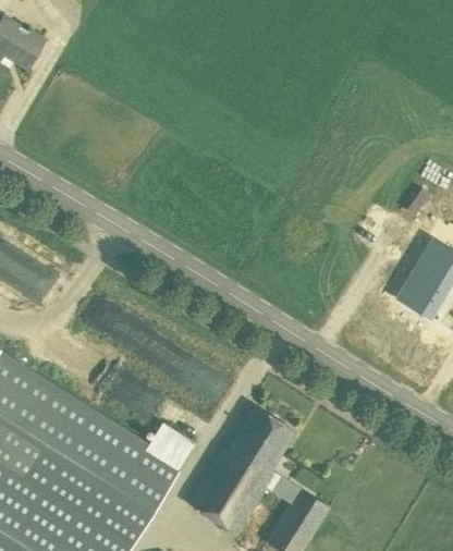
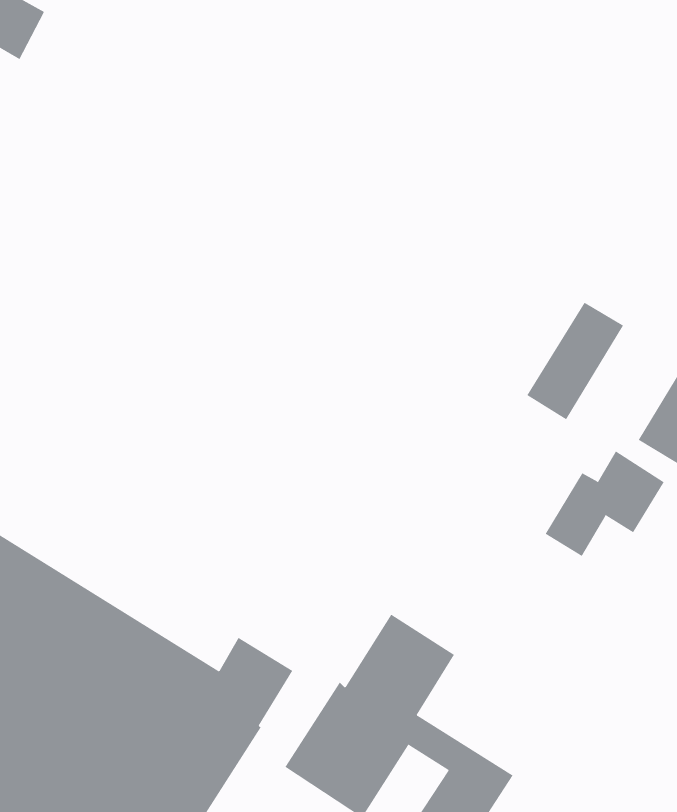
building: none -> [526,302,624,420]
building: none -> [545,451,664,557]

